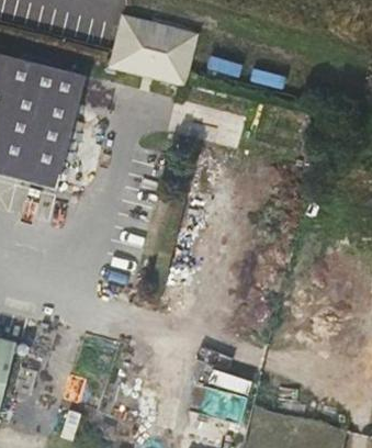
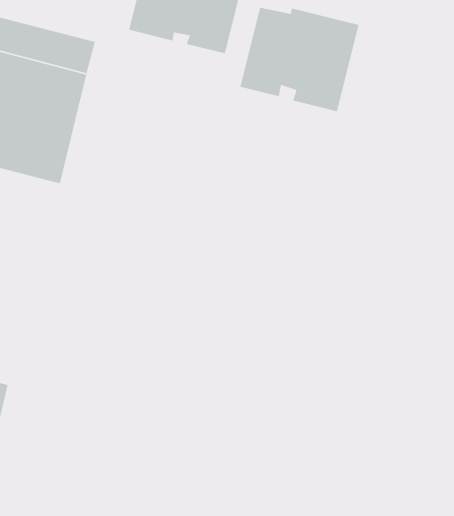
building: none -> [240,7,359,112]

